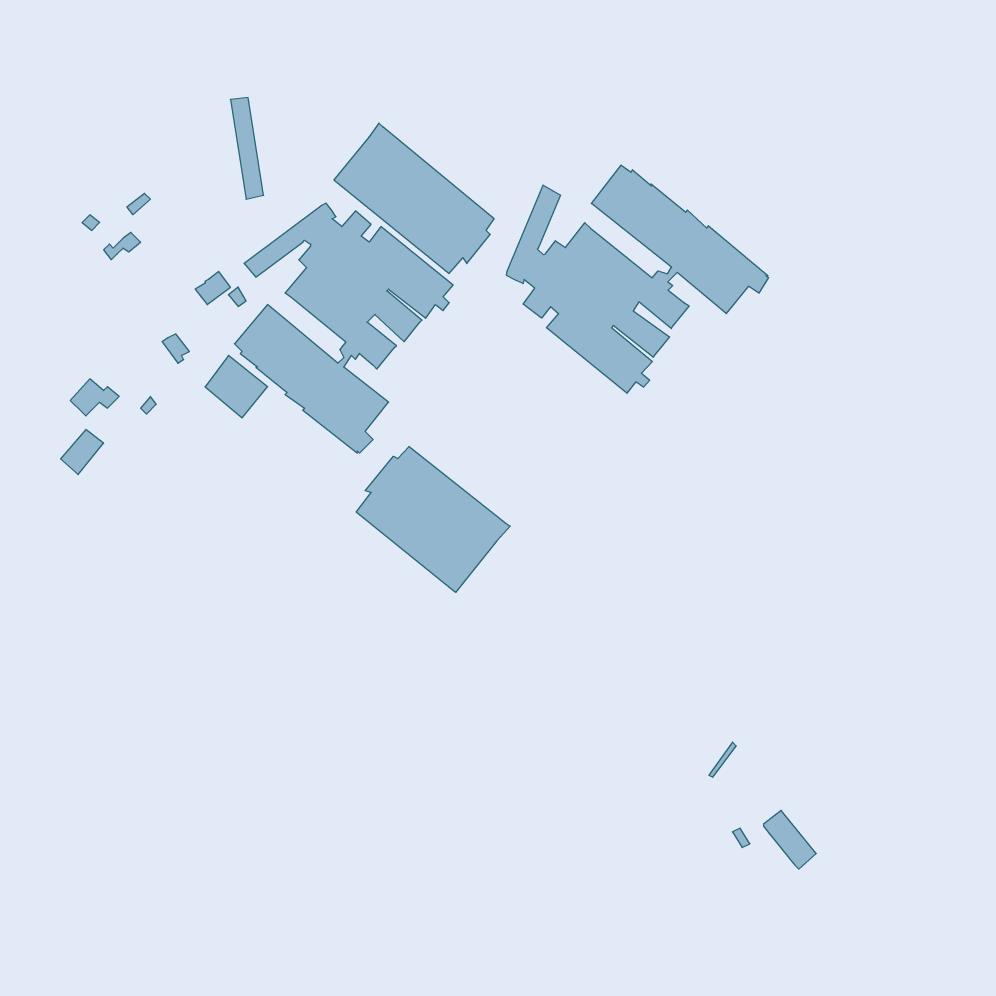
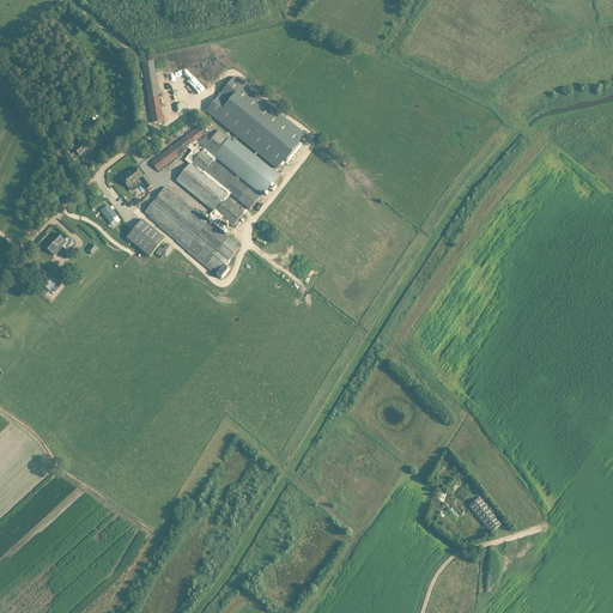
building: [506,165,769,393] -> none
building: [356,446,510,592] -> none

